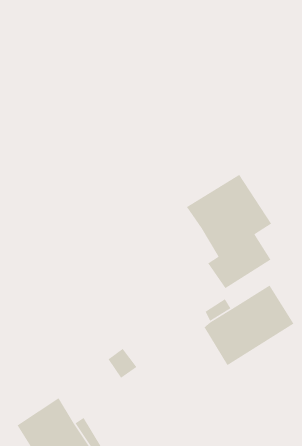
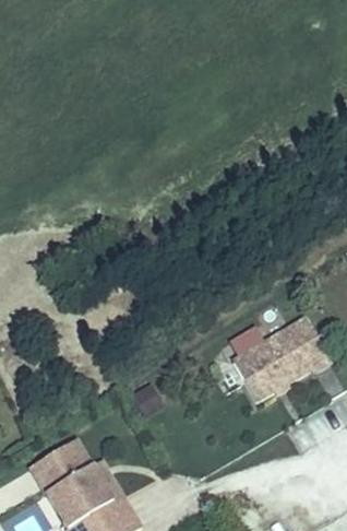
building: [186,174,272,289] -> none

